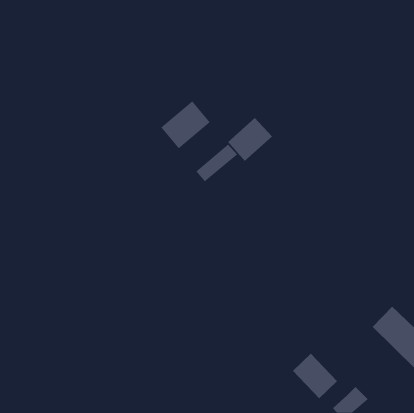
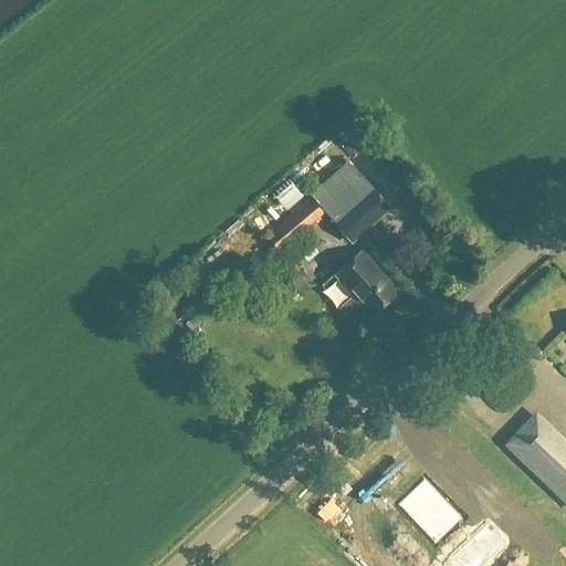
building: [161,100,211,149] -> none
building: none -> [334,186,390,240]
building: none -> [335,249,398,318]

